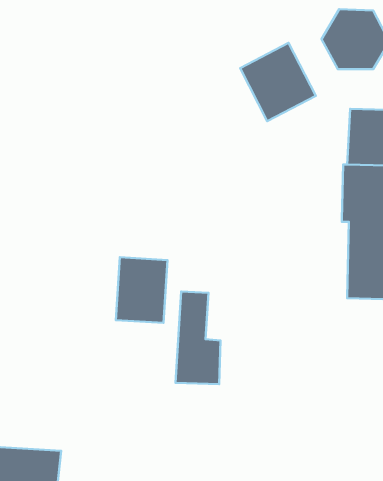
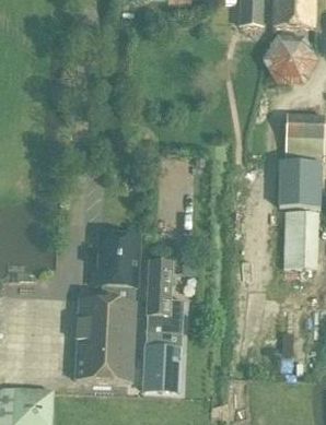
building: [240,43,316,121] -> none
building: none -> [74,299,136,381]
building: none -> [144,334,181,383]

